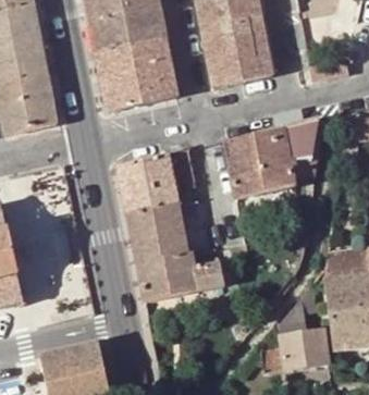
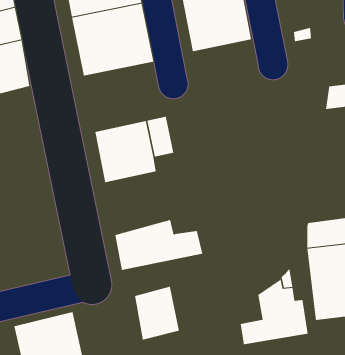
building: [224,120,320,196] -> none
building: [127,205,188,267] -> none
building: none -> [134,286,180,341]

